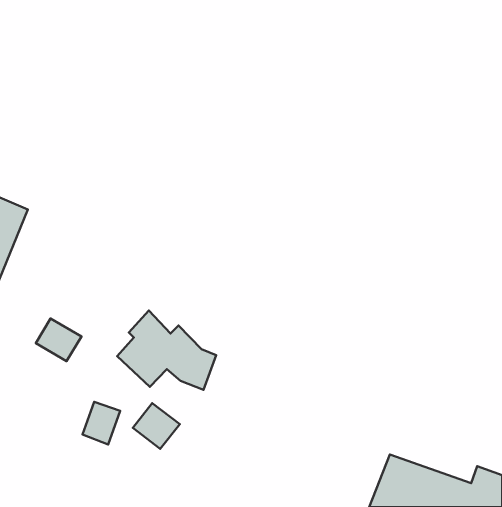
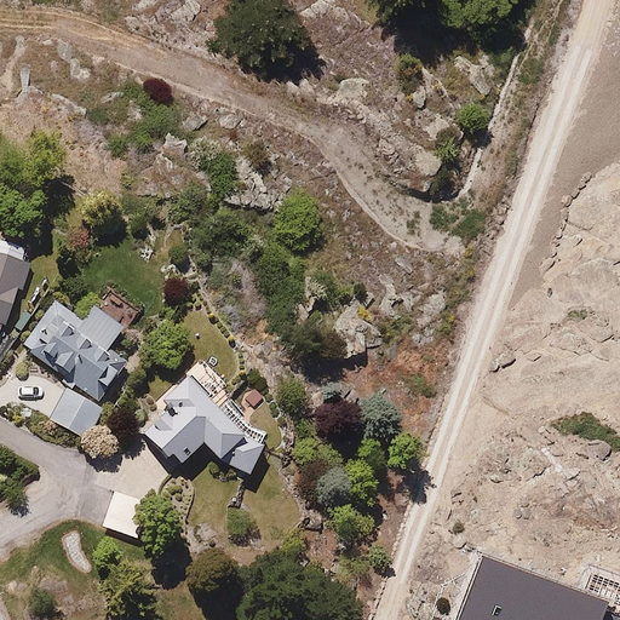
building: none -> [21,299,126,404]
building: [133,403,180,449] -> none

